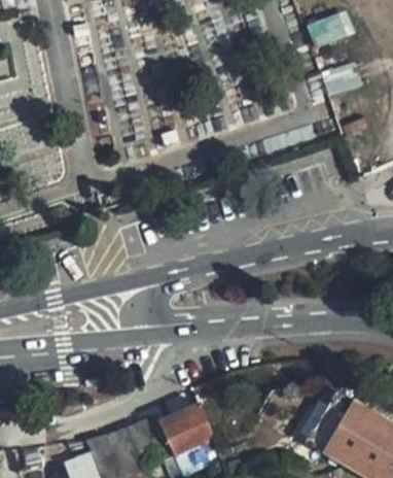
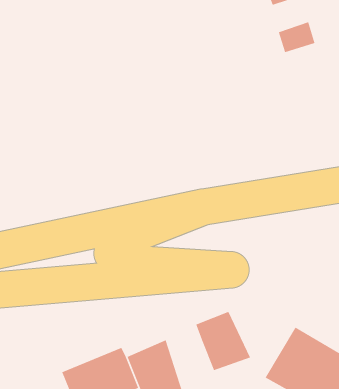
building: none -> [195,311,251,371]

